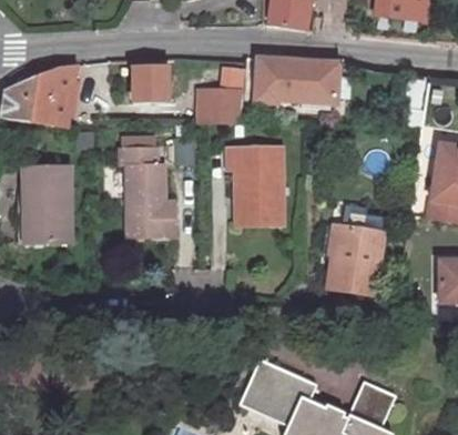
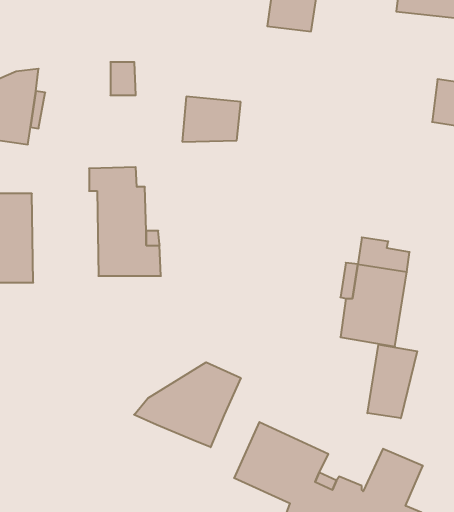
building: [259,55,350,104] -> none
building: [227,148,283,225] -> none
building: none -> [367,344,417,418]
building: none -> [134,362,241,447]

